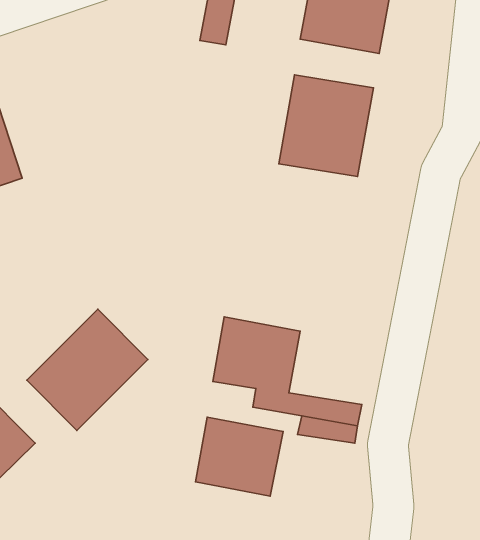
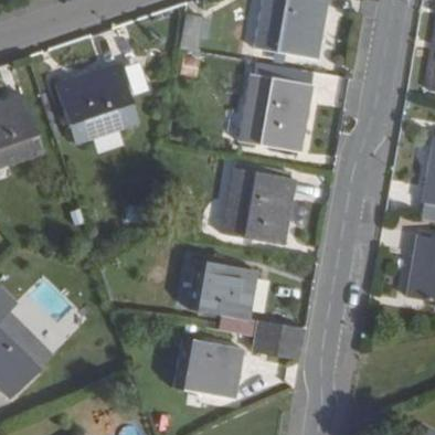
building: none -> [55,64,138,144]
building: none -> [222,168,296,244]
building: [27,309,148,430] -> none

